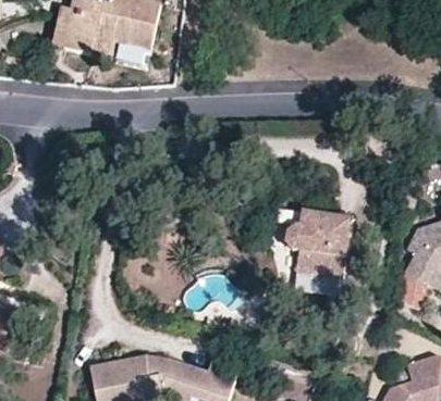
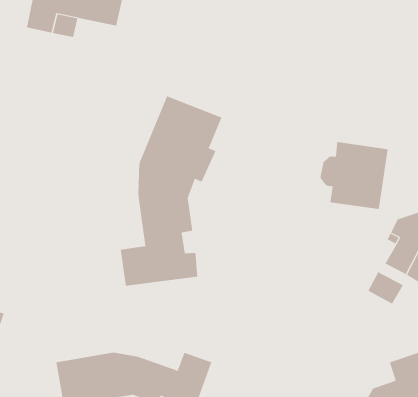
building: none -> [120,95,222,286]
building: [286,212,353,277] -> [319,141,389,209]

